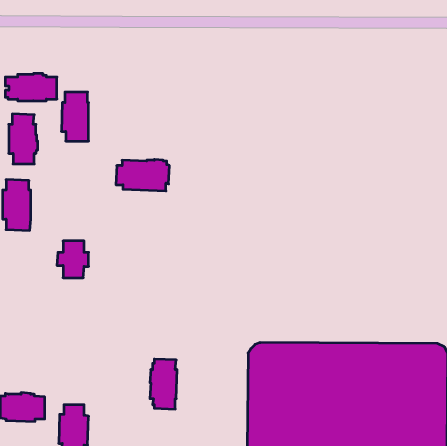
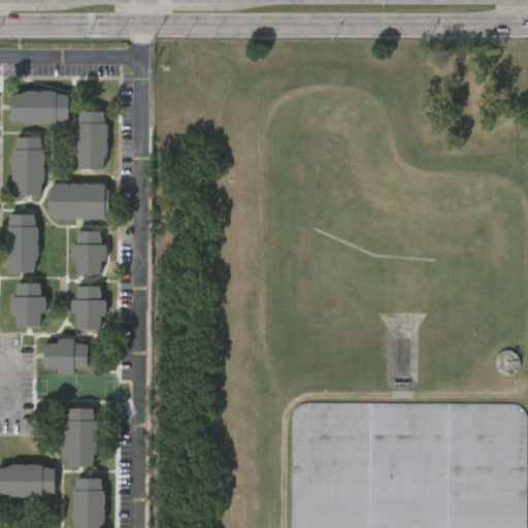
building: [116,159,169,191] -> [47,182,110,219]
building: none -> [70,232,107,276]
building: none -> [9,283,45,326]
building: none -> [42,338,87,373]
building: [150,359,177,409] -> [63,407,95,466]

